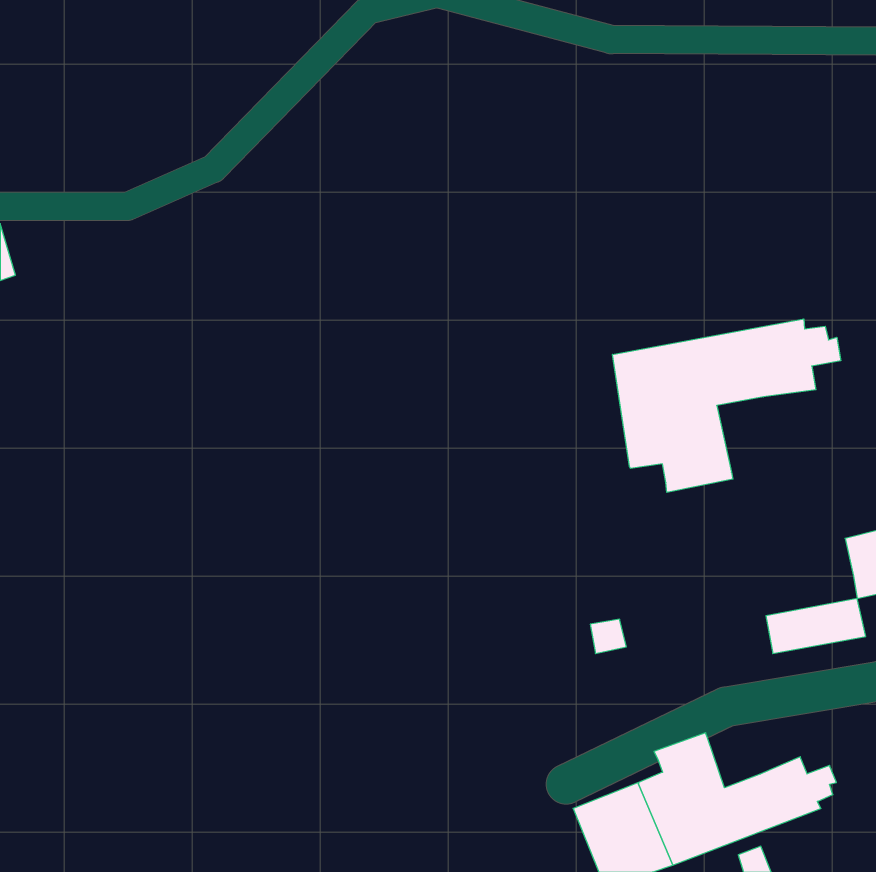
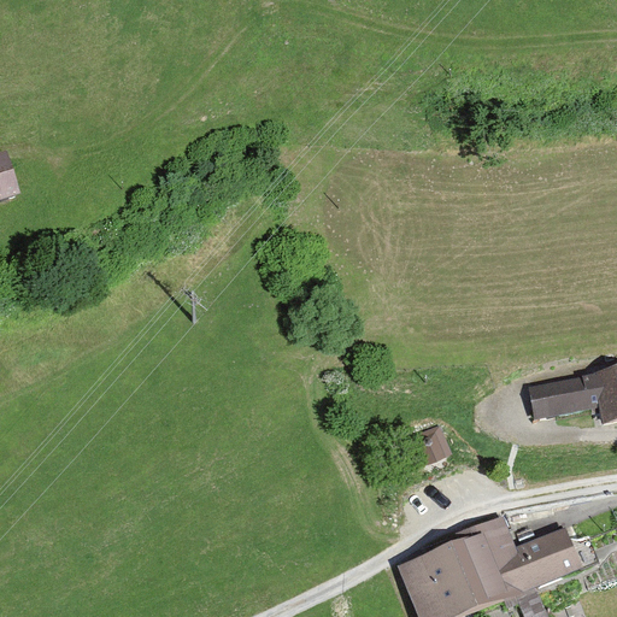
building: [613,319,841,492] -> none
building: [766,599,866,654] -> [530,377,600,416]

